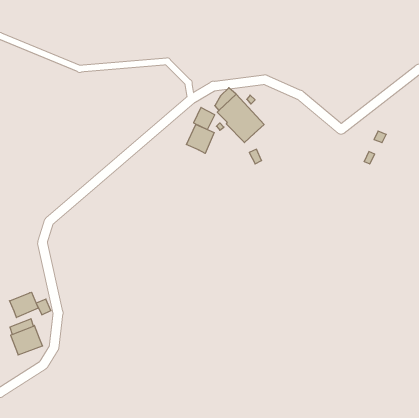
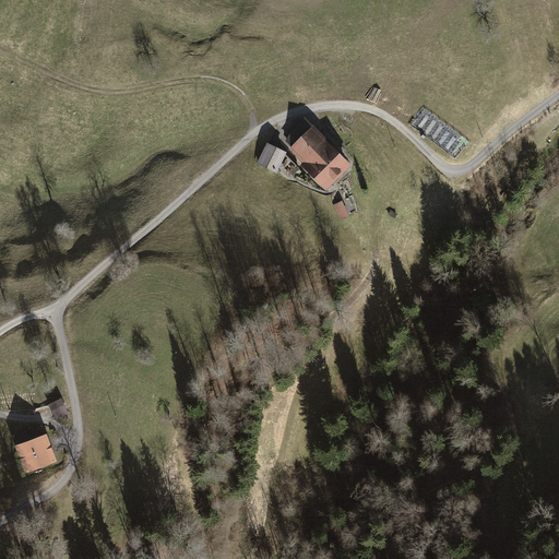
building: [186,124,214,153] -> none
building: [10,292,38,318] -> none

